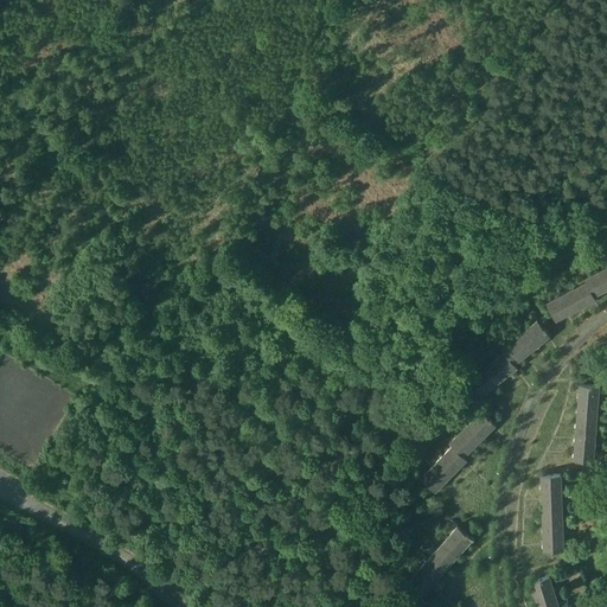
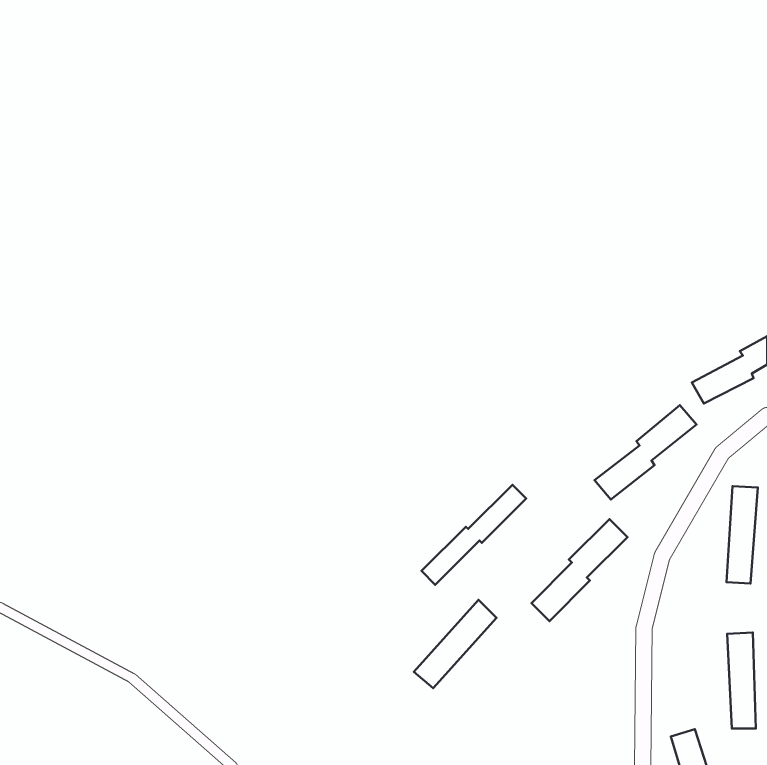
building: none -> [422,485,526,585]
building: [541,475,563,551] -> [727,632,756,728]
building: [407,526,472,596] -> [414,600,496,688]

